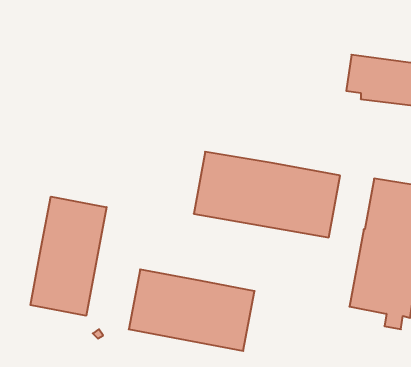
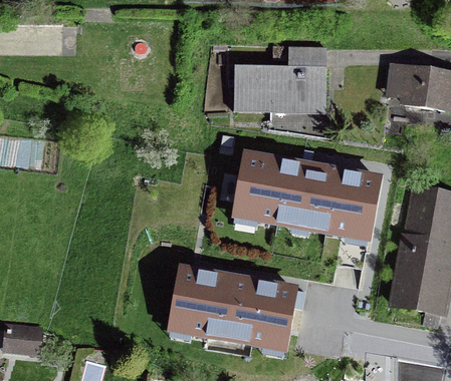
building: none -> [233,45,327,113]
building: [30,197,107,316] -> none

